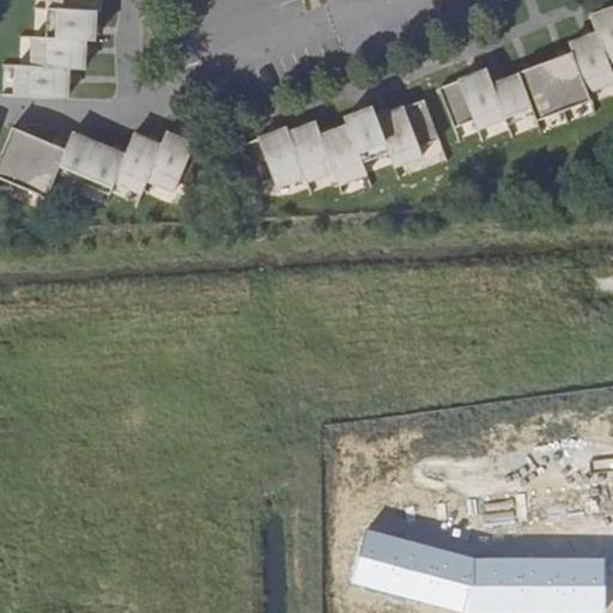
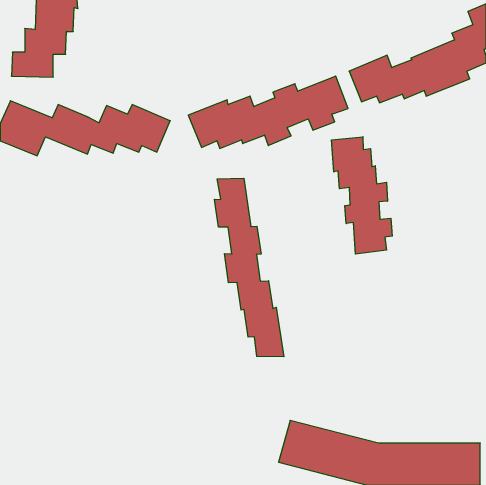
building: none -> [332,137,392,254]
building: none -> [214,178,284,357]

